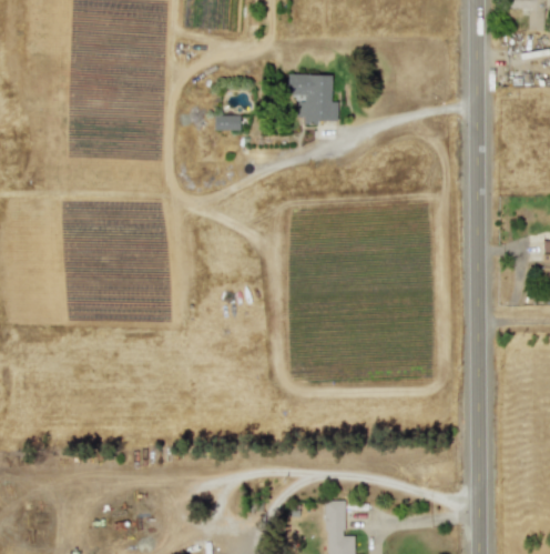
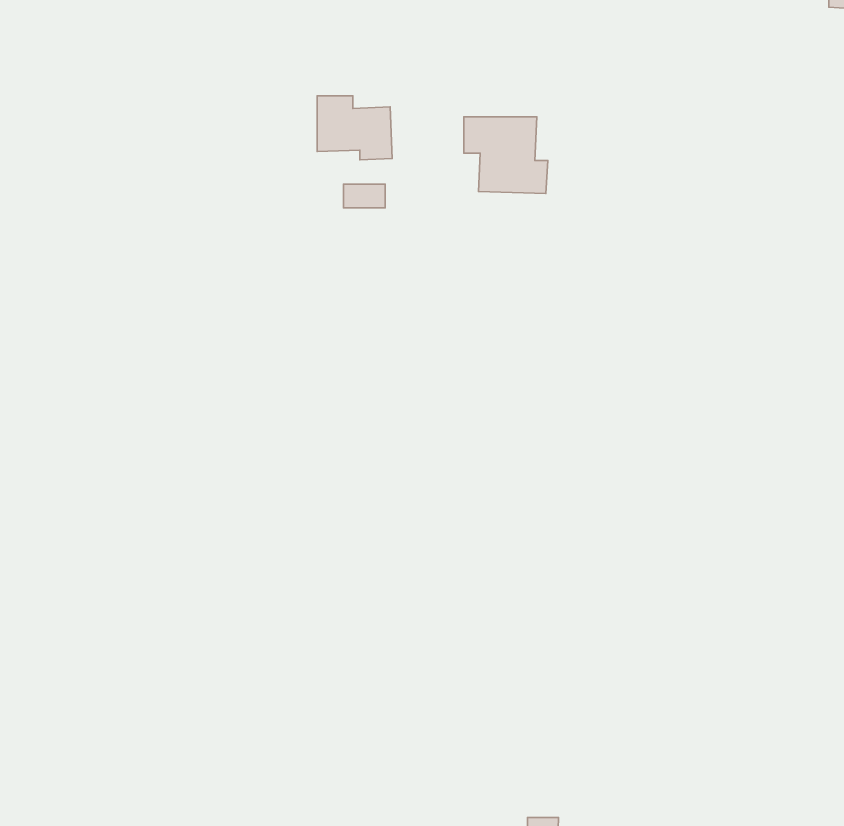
building: none -> [317,96,392,160]

